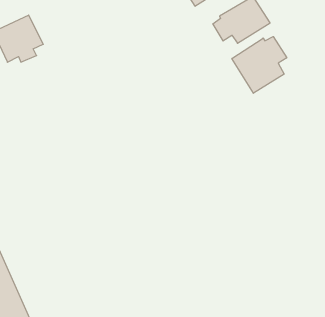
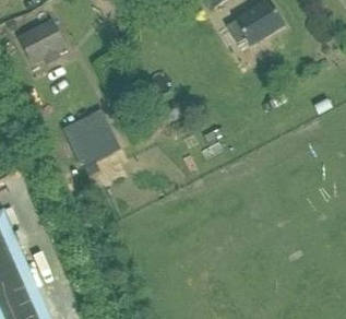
building: [232,37,287,93] -> none
building: none -> [58,108,112,162]

